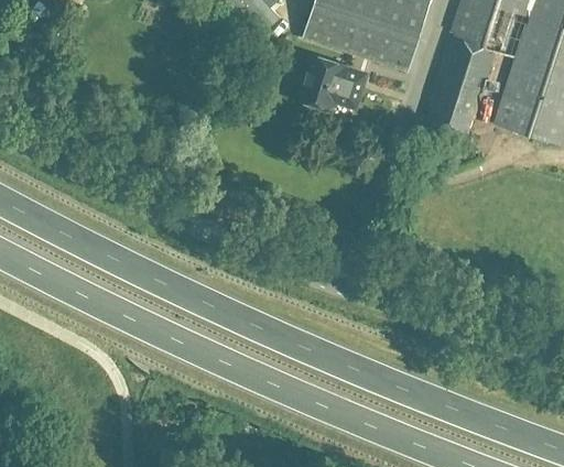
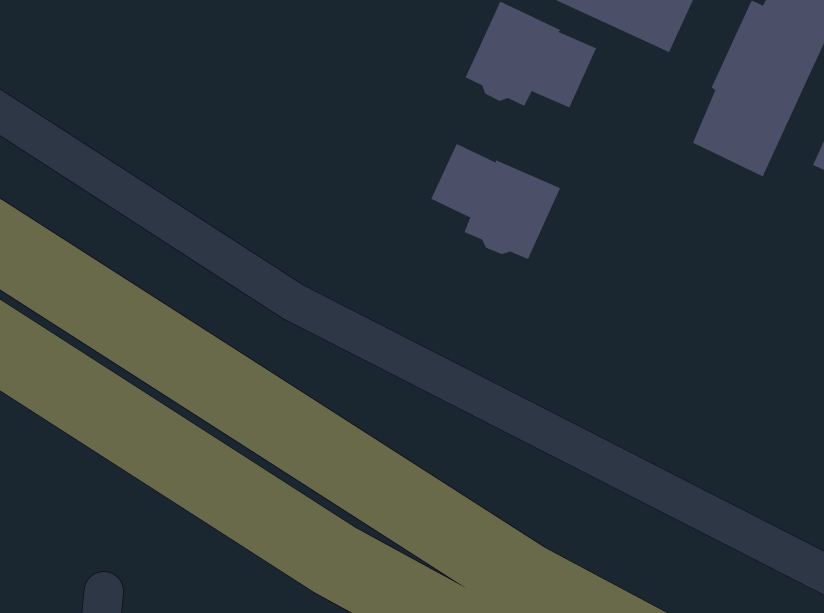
building: none -> [431,143,561,260]

